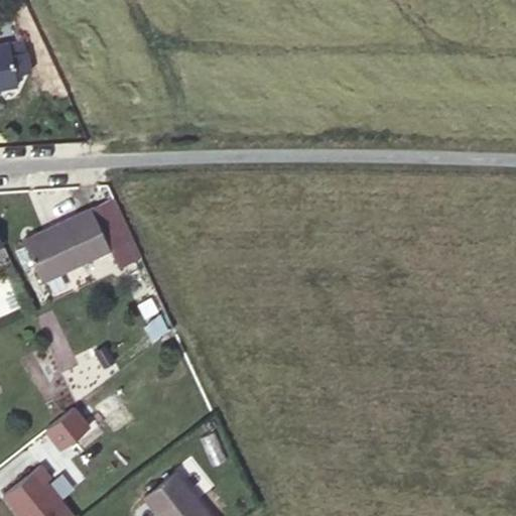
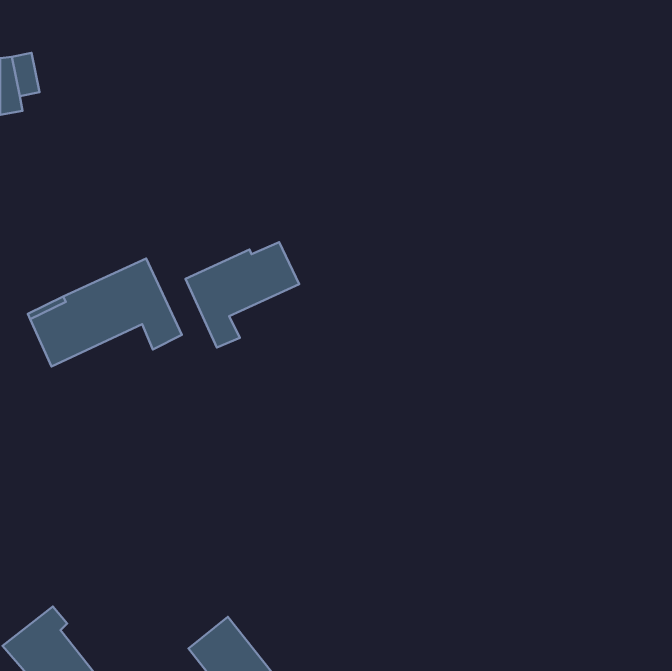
building: none -> [186,242,299,348]
building: [46,410,89,449] -> none

